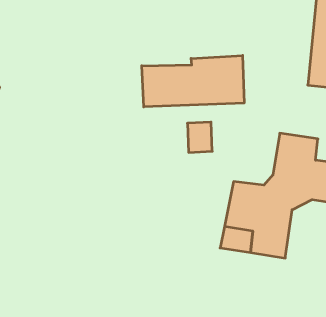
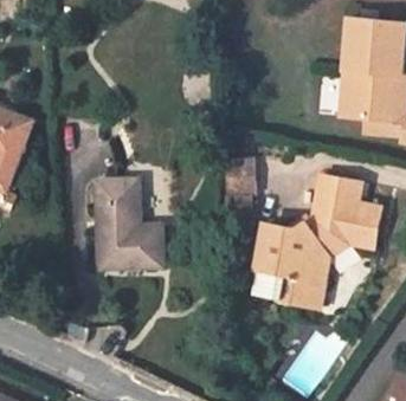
building: [142,55,244,107] -> none
building: none -> [92,179,160,267]

